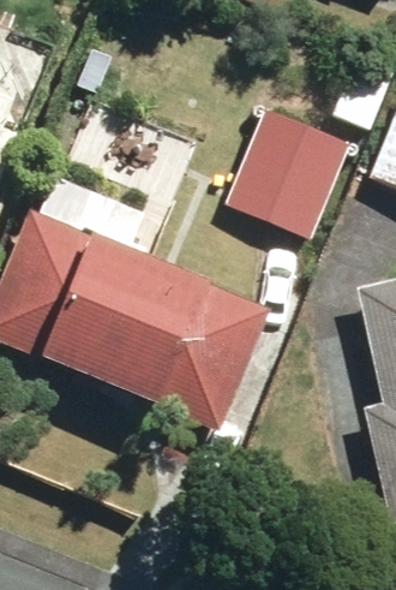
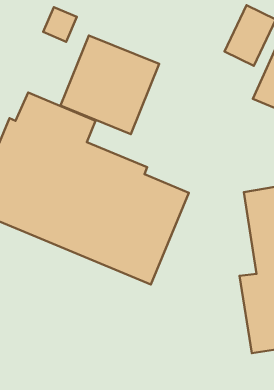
building: [217,109,350,243] -> [61,35,159,134]

